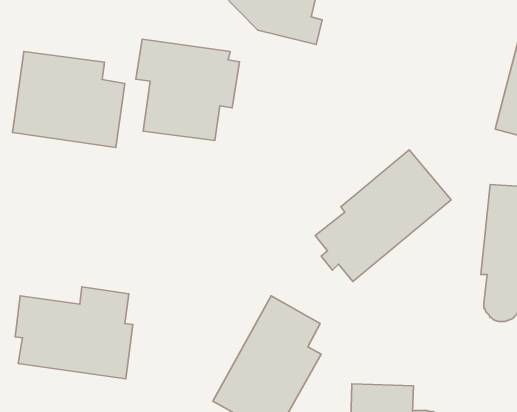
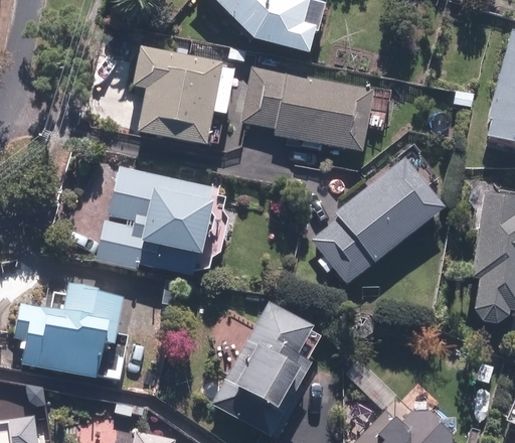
building: [13,51,125,147] -> none
building: none -> [236,65,393,151]
building: none -> [101,166,221,277]

